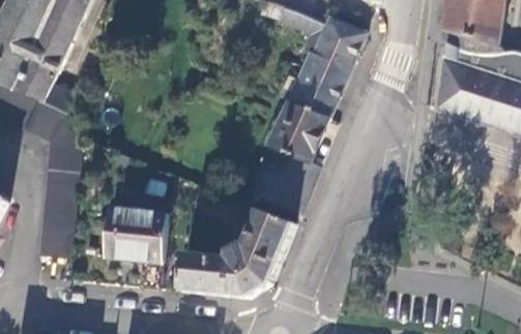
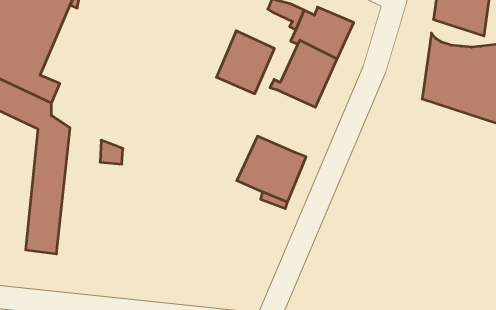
building: [269,98,327,161] -> [216,31,274,94]
building: [103,207,167,262] -> none
building: [179,208,294,296] -> none

